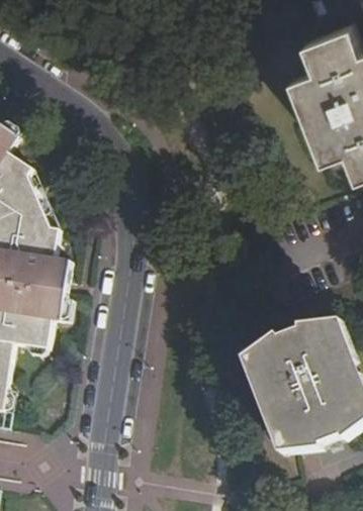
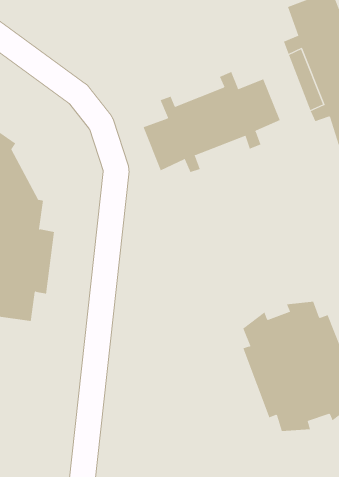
building: none -> [143,71,281,173]

